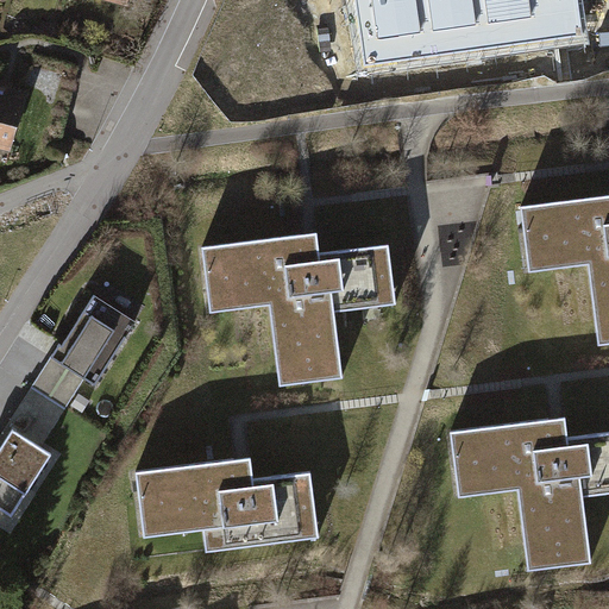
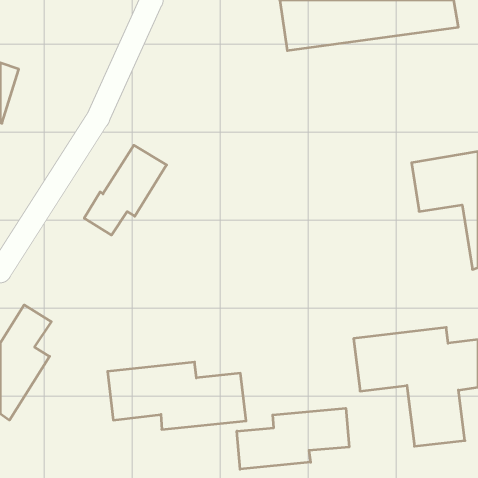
building: [200,228,394,383] -> none
building: [31,295,136,409] -> [84,145,167,235]
building: none -> [237,408,349,469]

